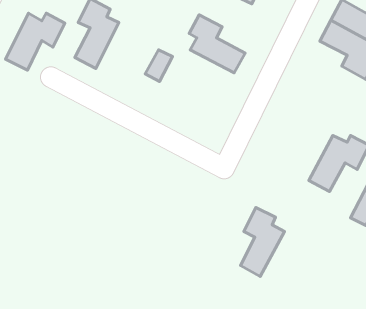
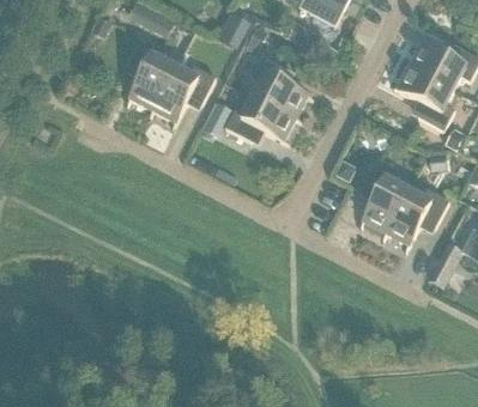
building: [5,13,65,70] -> [149,63,213,126]
building: none -> [224,93,299,141]
building: [240,207,284,277] -> [359,160,407,236]

